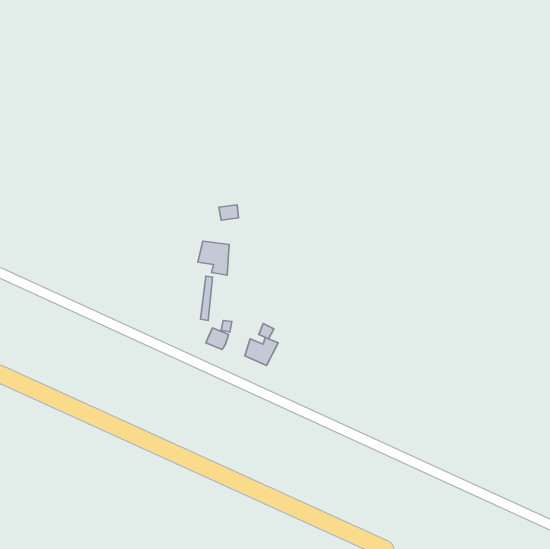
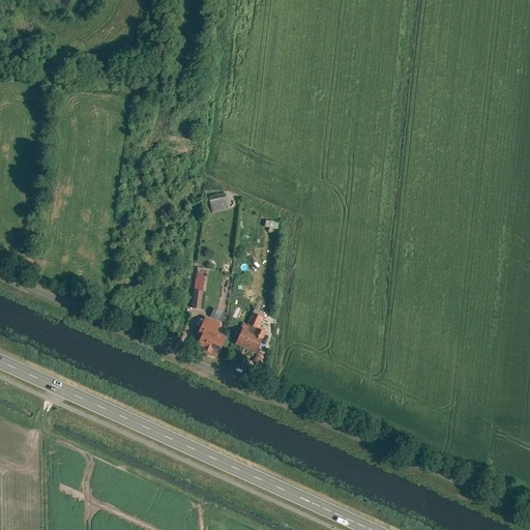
building: [198,241,229,275] -> none
building: none -> [196,330,228,357]

